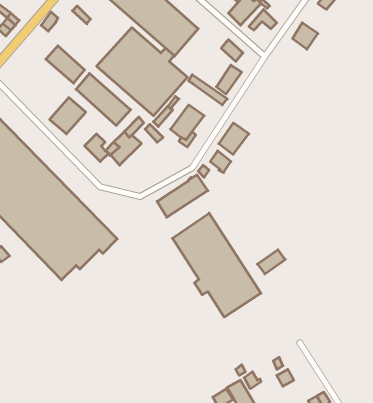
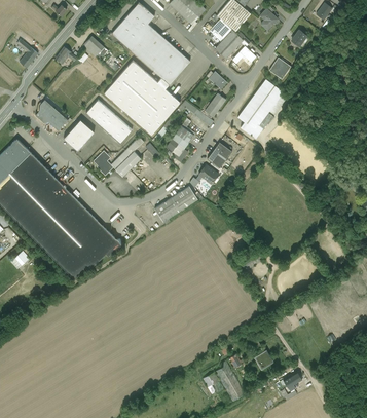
building: [46,46,85,83] -> [34,101,67,132]
building: none -> [237,80,283,139]
building: [172,213,261,317] -> none

